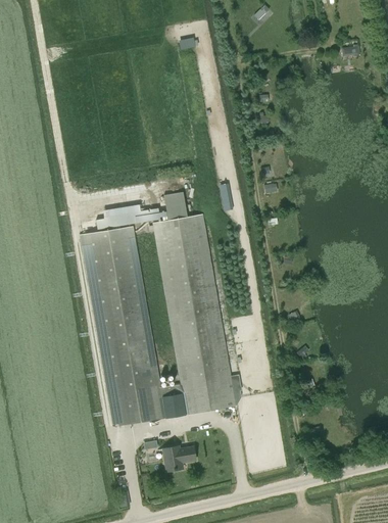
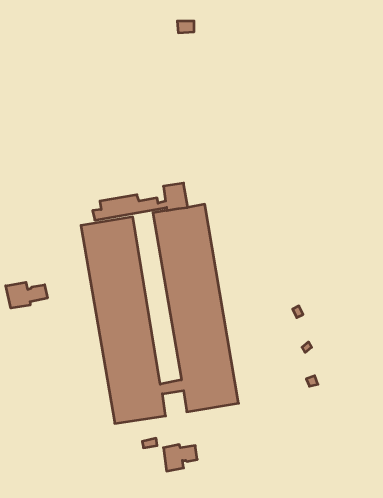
building: none -> [6,282,47,308]

